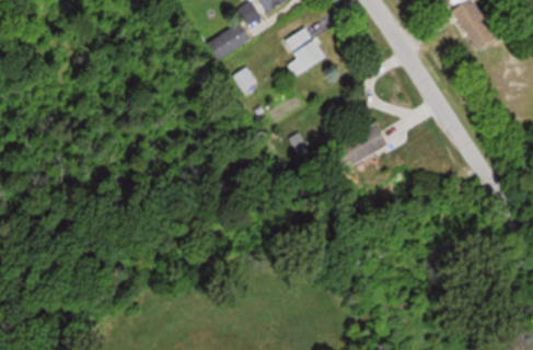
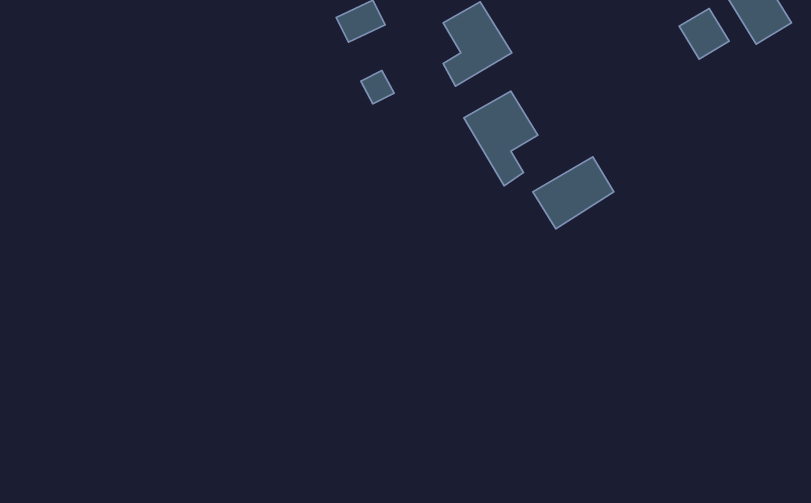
building: none -> [679,8,729,59]
building: none -> [464,91,538,186]

